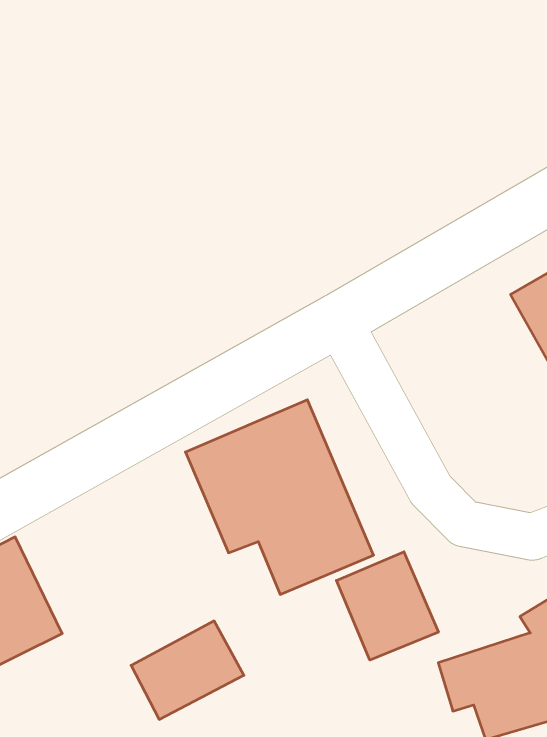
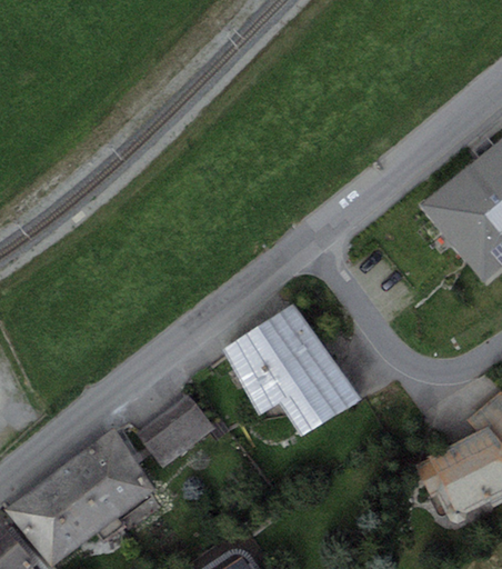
building: [336,552,438,660] -> none
building: [131,621,244,719] -> [138,396,215,469]

